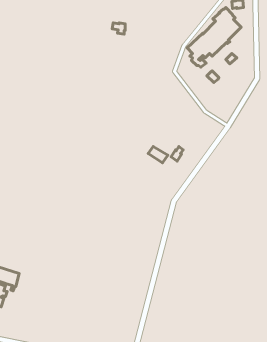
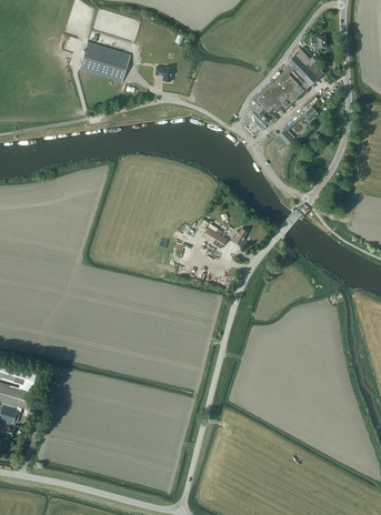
building: none -> [79,41,130,81]

